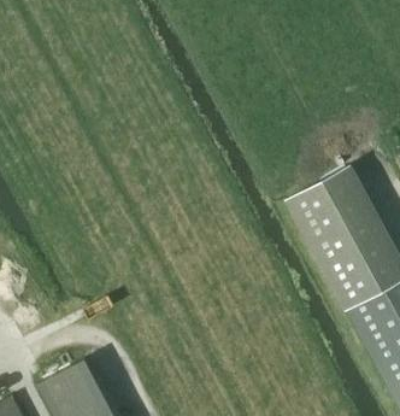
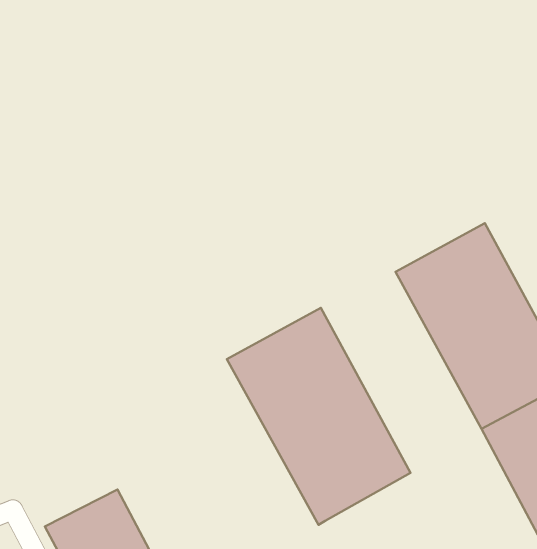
building: none -> [227,308,411,525]

